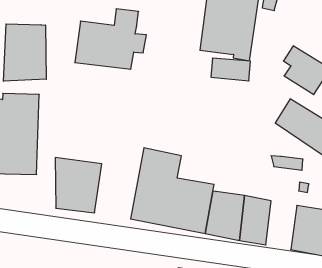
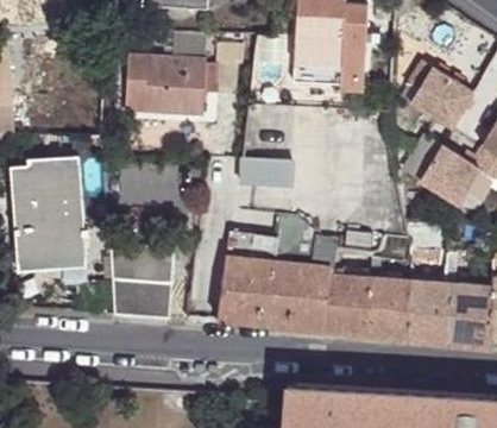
building: [4,24,46,81] -> none
building: [211,58,250,81] -> [240,156,292,183]
building: none -> [404,281,442,345]

